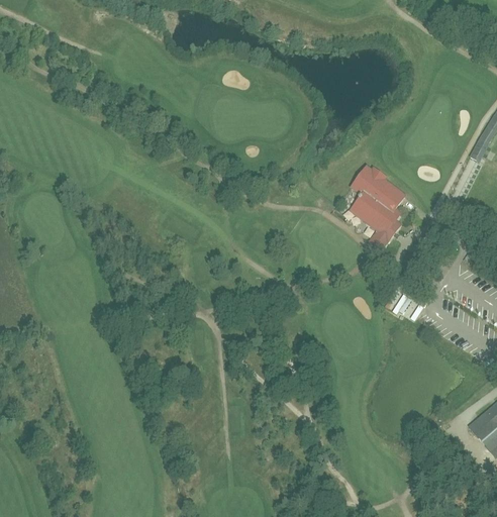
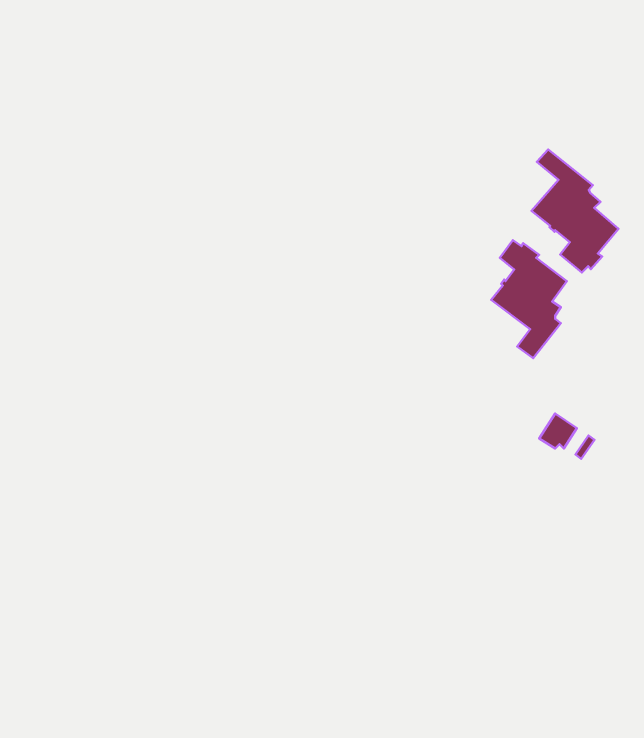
building: none -> [531,149,619,272]

